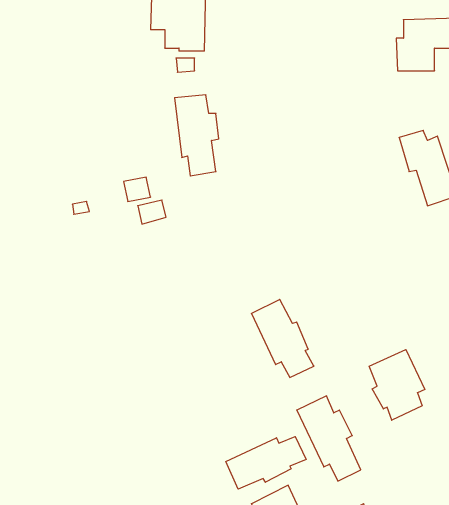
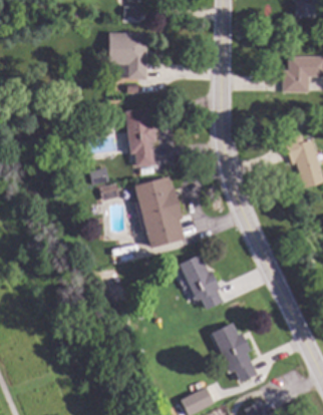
building: none -> [134,177,185,249]
building: [369,350,425,420] -> none
building: [226,437,306,489] -> none

